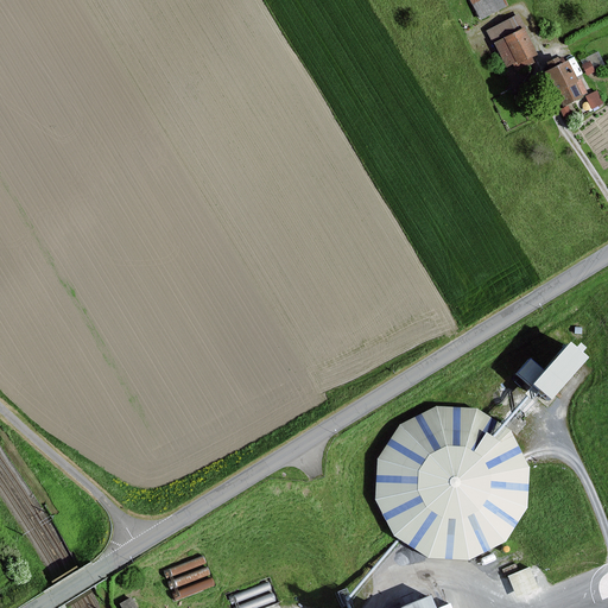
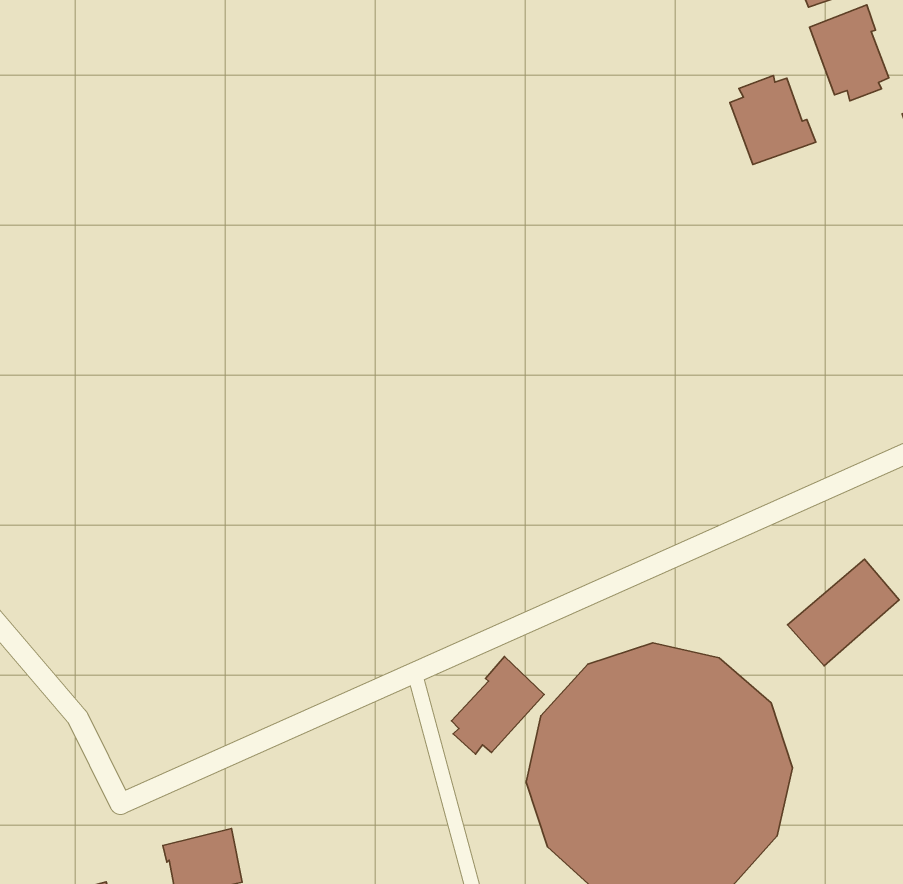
building: none -> [730,76,816,164]
building: none -> [452,657,544,754]

